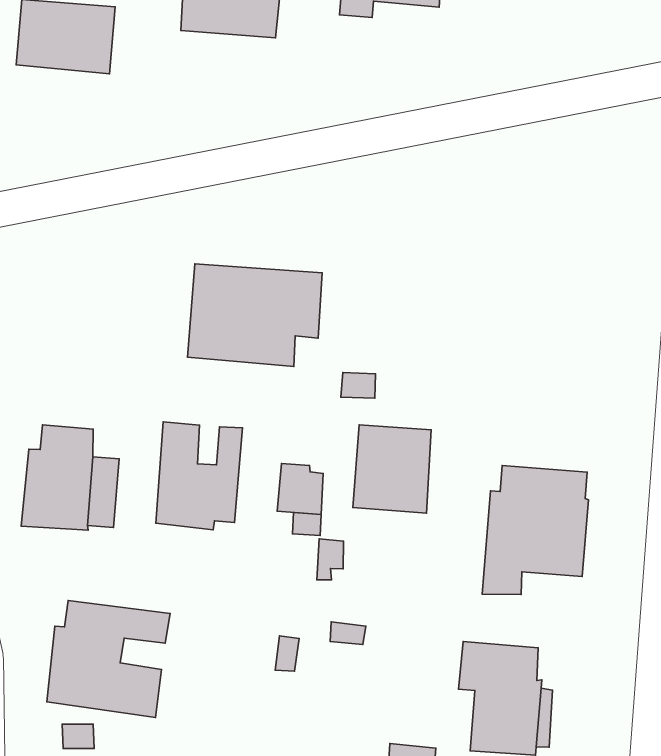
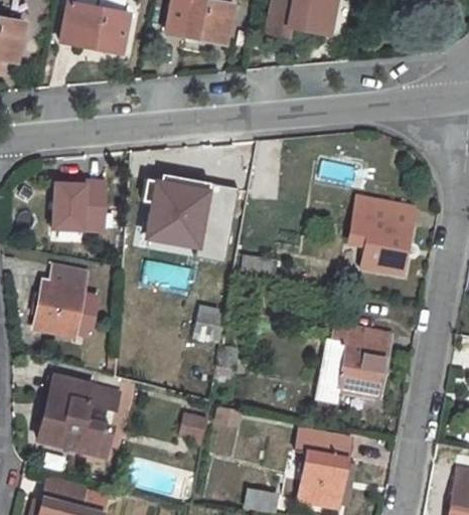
building: none -> [350,196,412,274]
building: none -> [50,179,106,230]
building: [156,422,242,530] -> none
building: [353,425,431,513] -> none

